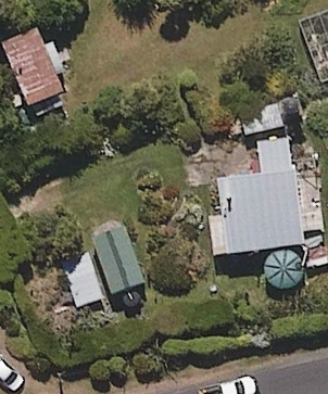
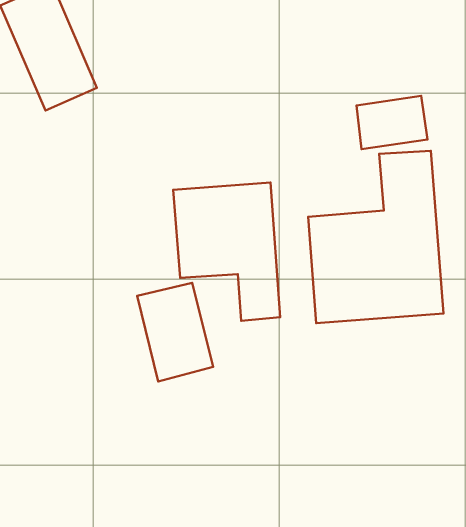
building: none -> [173,183,280,321]

